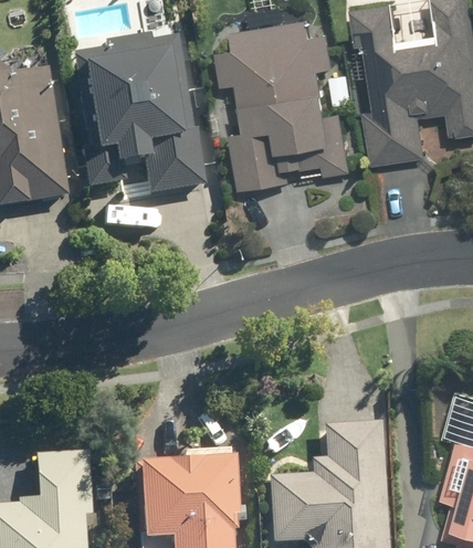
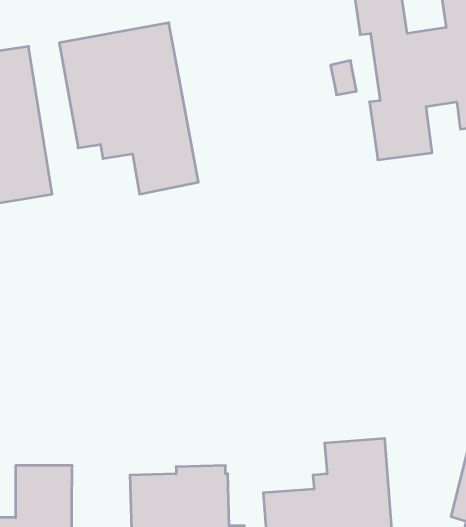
building: [214,21,349,189] -> none

